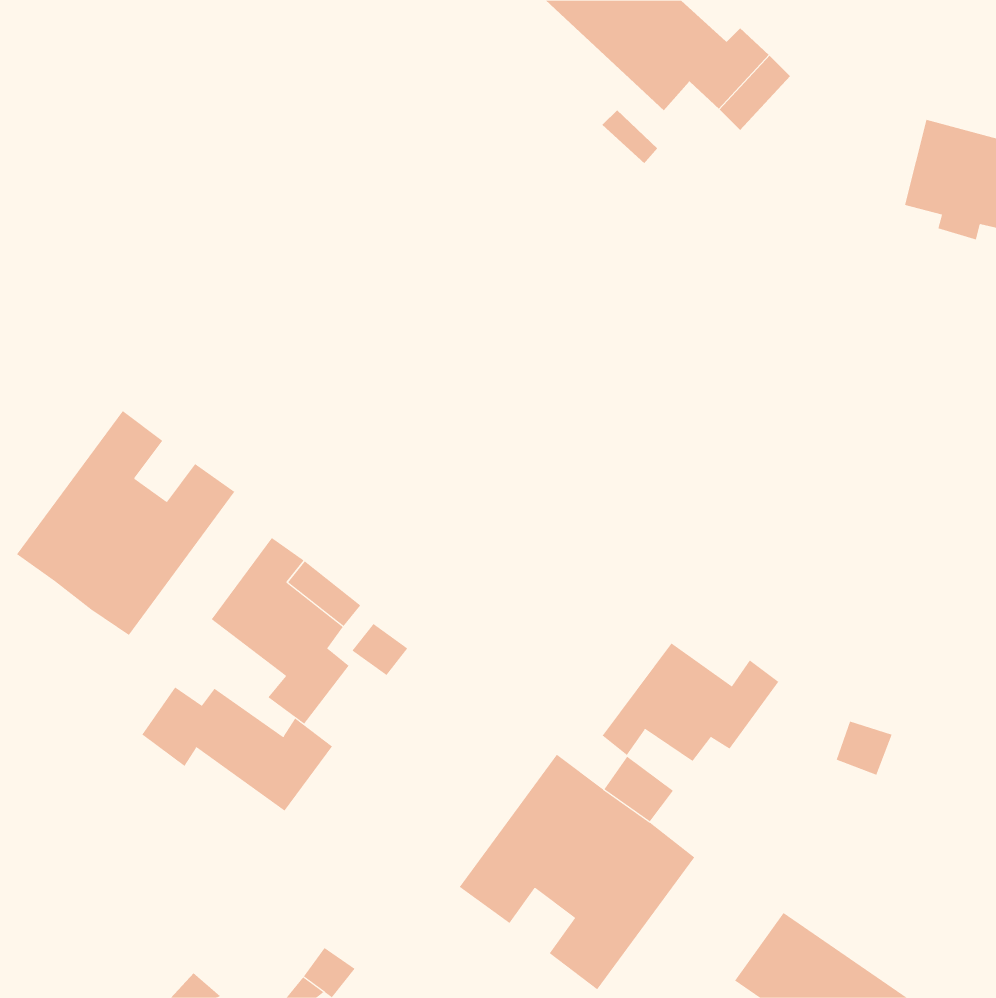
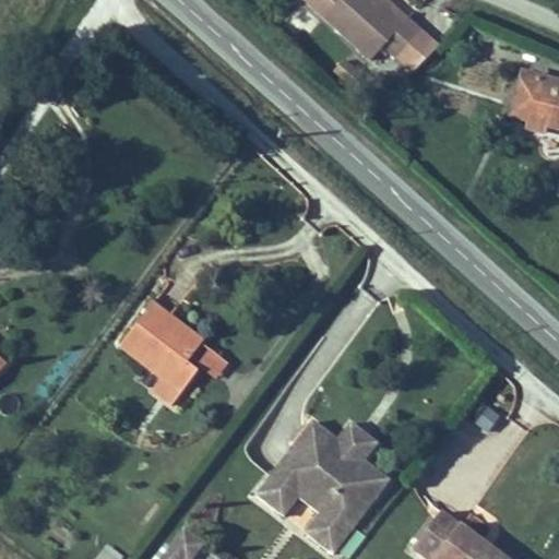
building: [16,410,235,636] -> none
building: [602,643,779,762] -> none
building: [141,687,333,812] -> none

